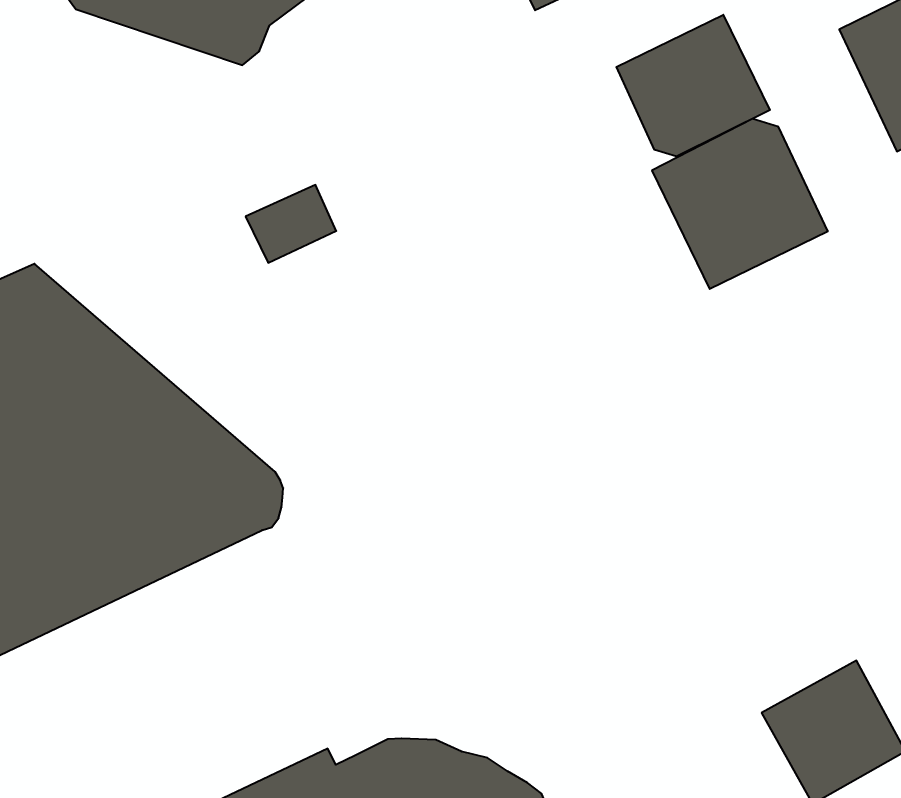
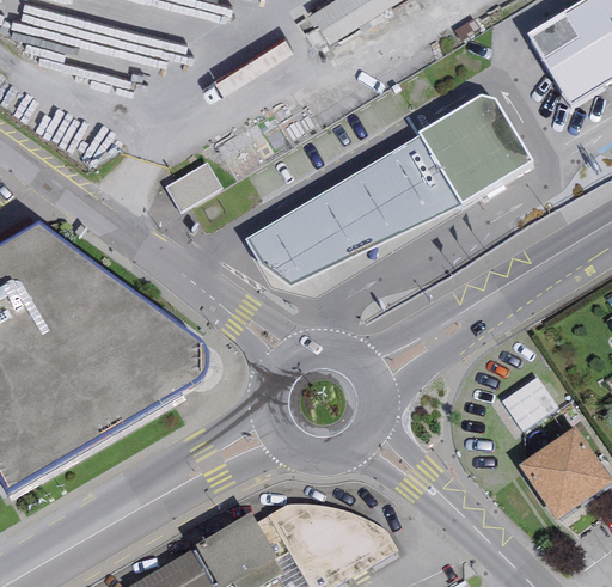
building: [616,15,770,157] -> none
building: none -> [244,133,460,283]
building: none -> [501,375,557,429]

